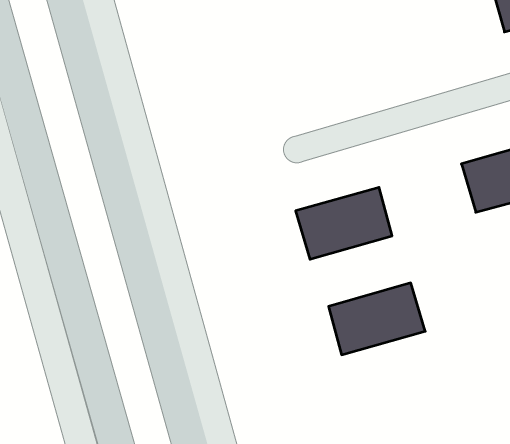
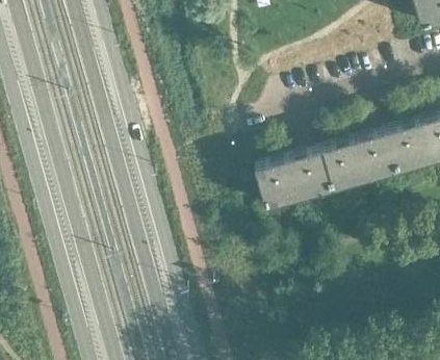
building: [329,283,425,355] -> [320,133,397,190]

